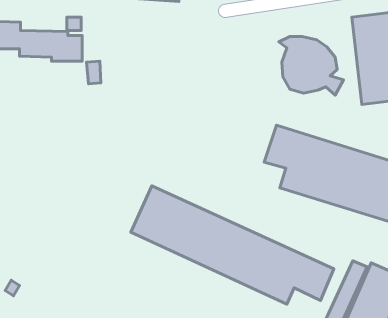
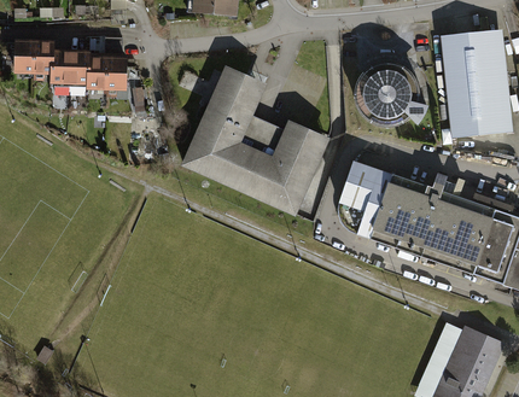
building: none -> [179,63,331,216]
building: [131,186,334,304] -> none

